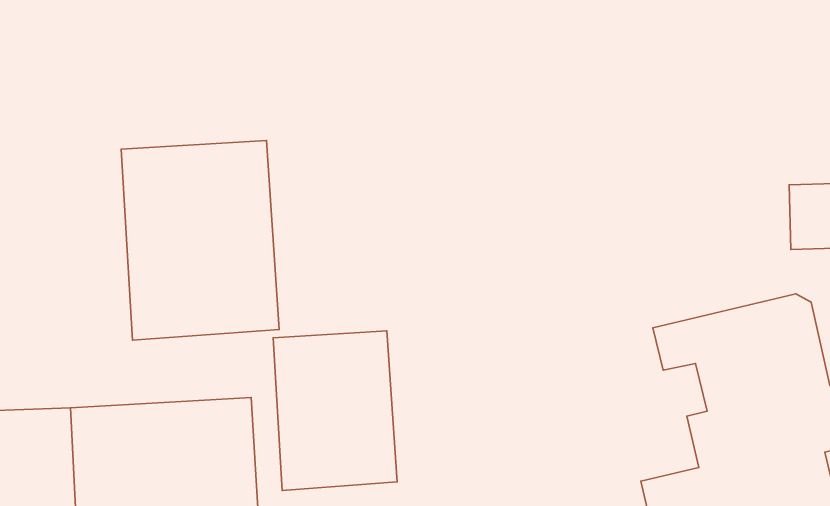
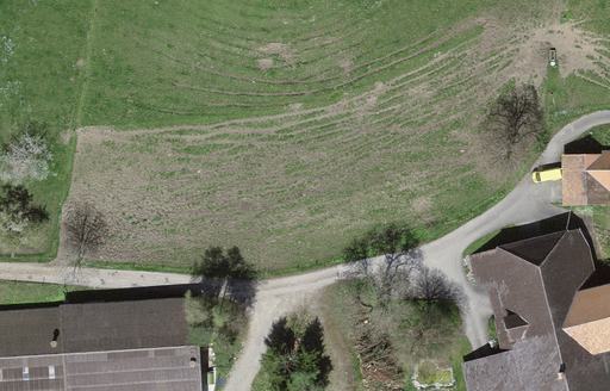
building: [121,140,279,340] -> none
building: [273,331,397,491] -> none

